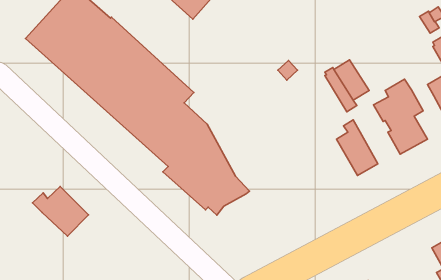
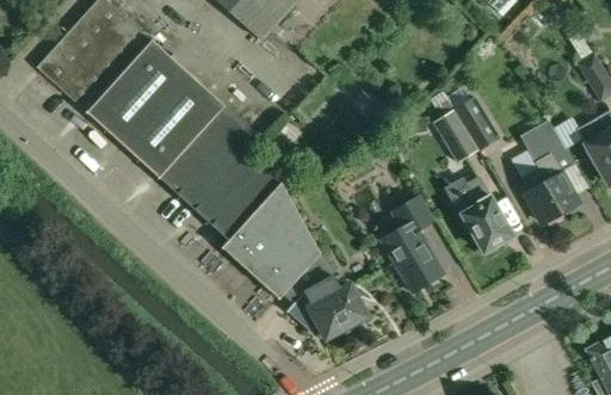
building: none -> [379,196,445,294]
building: [32,186,88,236] -> none
building: none -> [289,277,365,341]

